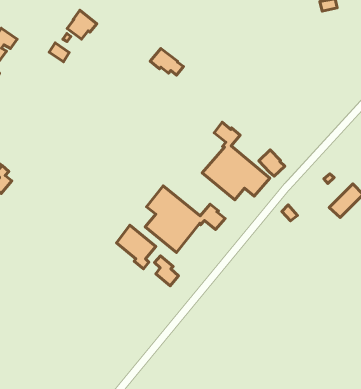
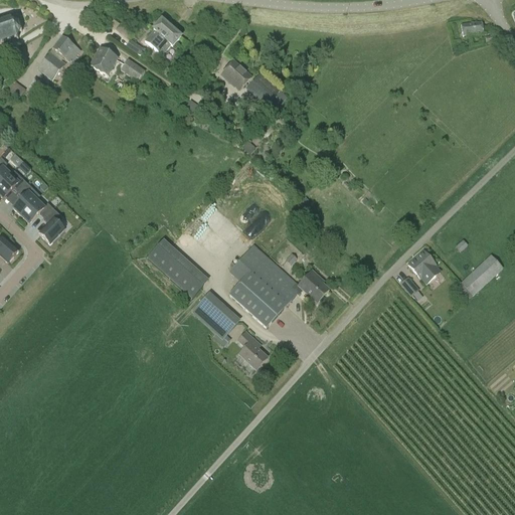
building: none -> [89,46,118,75]
building: none -> [221,59,251,90]
building: [202,122,270,200] -> none
building: [259,150,285,176] -> [408,250,441,284]
building: none -> [147,236,208,298]

